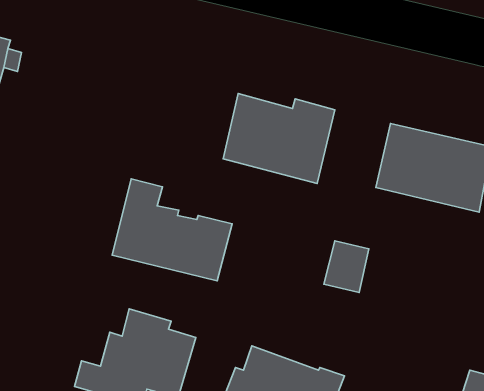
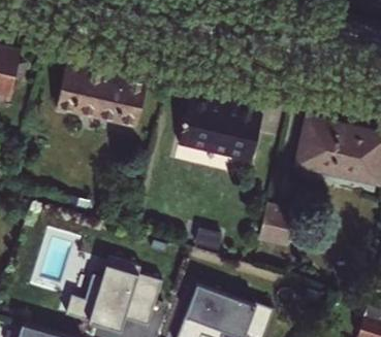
building: [112,179,232,281] -> [55,49,146,127]

